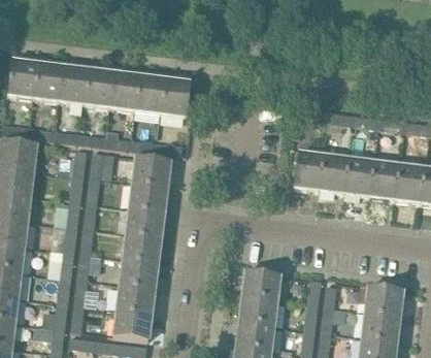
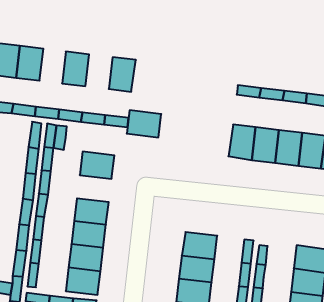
building: [85,67,113,105] -> none
building: [135,73,165,111] -> none
building: [132,155,170,185] -> [127,110,161,137]
building: [126,206,164,236] -> none

